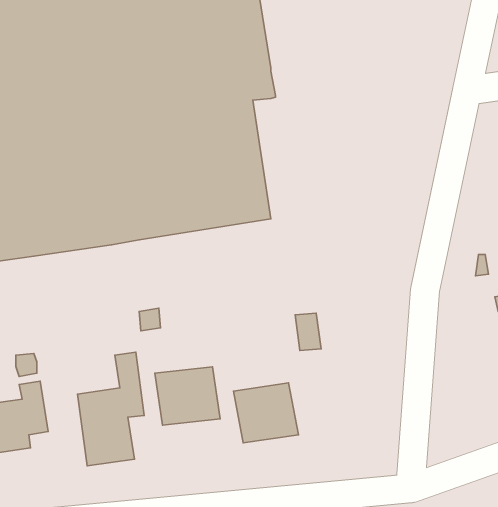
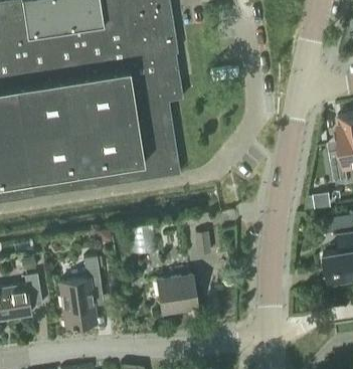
building: [155,367,220,425] -> none

